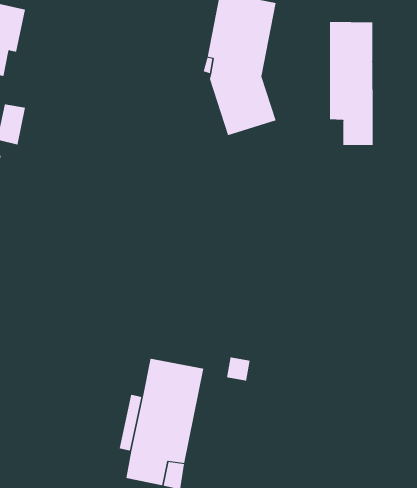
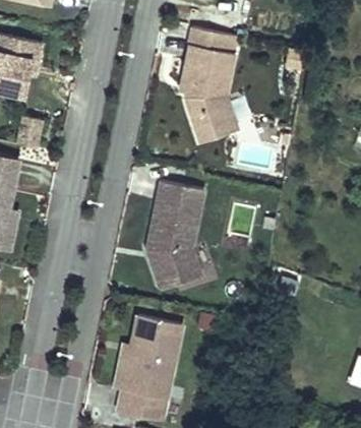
building: [330,21,373,146] -> none
building: none -> [147,180,203,288]

